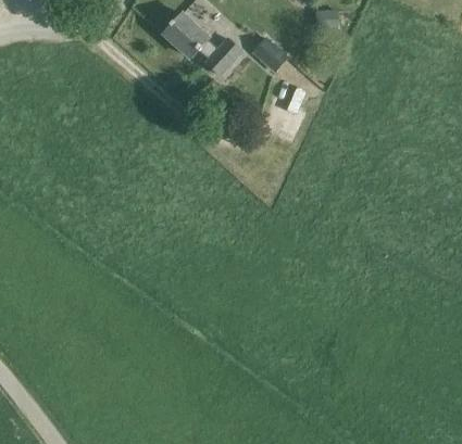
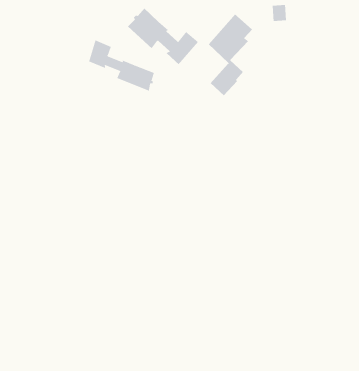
building: none -> [89,39,154,92]

